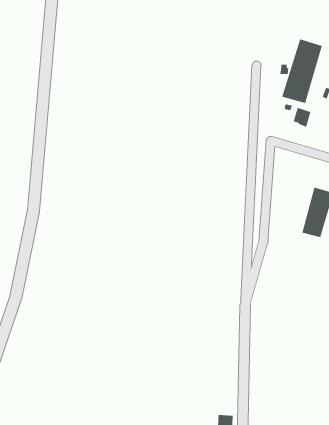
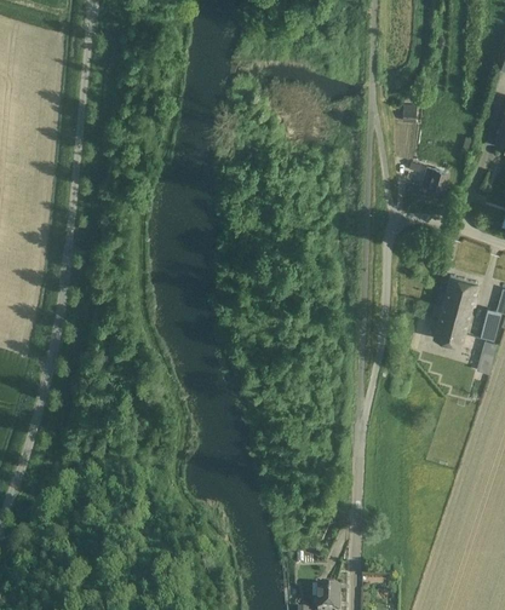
building: [281,38,323,104] -> none

